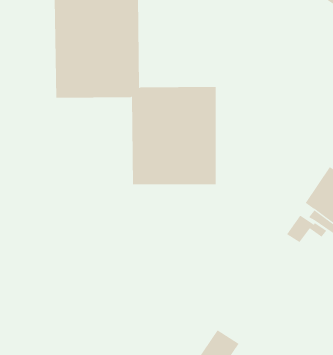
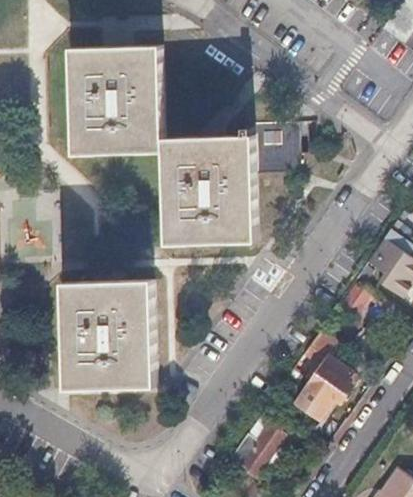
building: none -> [57,283,158,391]
building: none -> [299,333,354,420]

